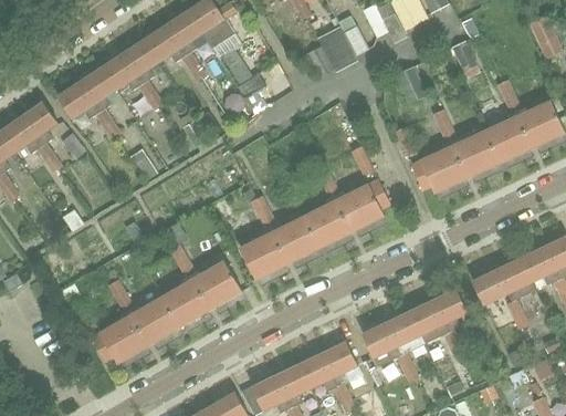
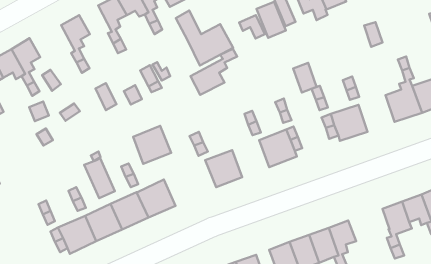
building: [99,52,142,90] -> none
building: [395,66,426,104] -> [293,63,317,93]
building: [56,81,98,118] -> none
building: none -> [190,49,237,95]
building: [454,128,501,176] -> none
building: [304,199,352,247] -> none
building: [240,230,289,279] -> [133,126,171,164]
building: none -> [84,158,115,198]
building: [472,269,507,304] -> none

